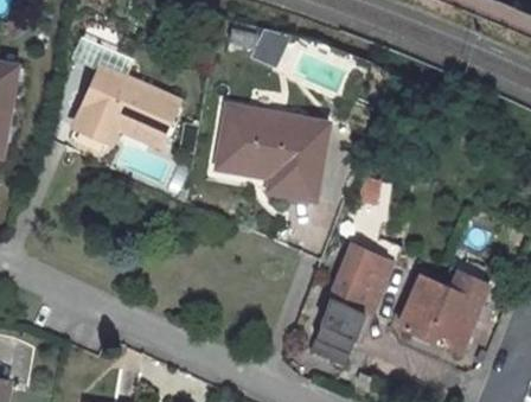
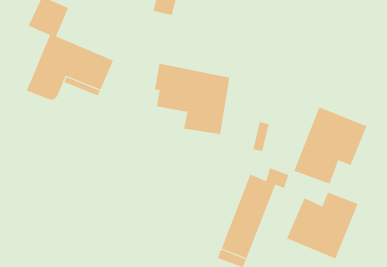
building: [217,104,273,176] -> none
building: none -> [293,106,367,185]

